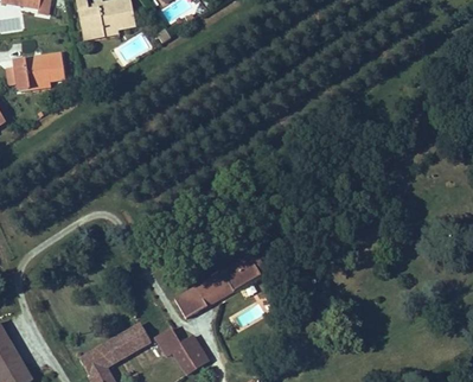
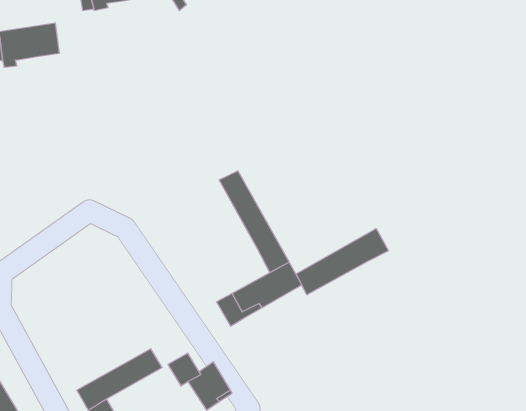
building: none -> [219,171,289,273]
building: none -> [296,229,388,295]
building: [174,285,207,318] -> none

